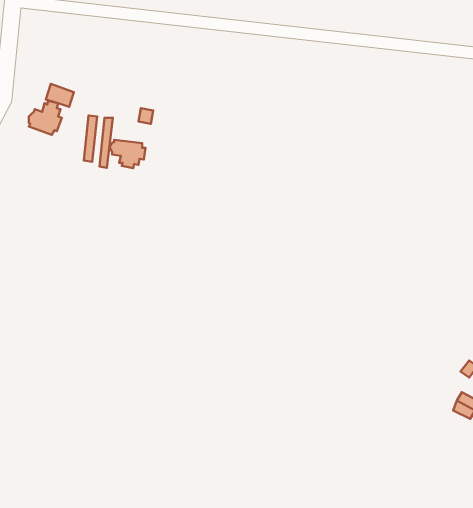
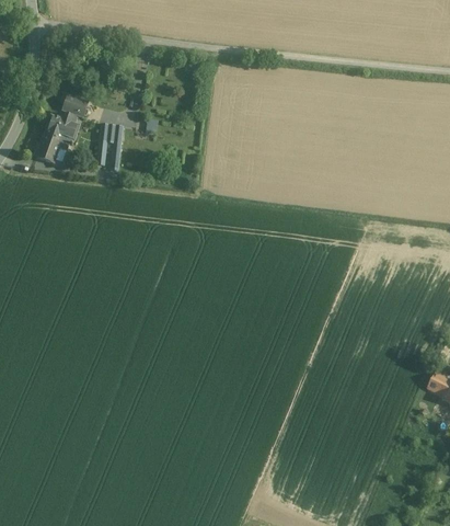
building: none -> [36,133,68,162]
building: [109,140,145,168] -> none

